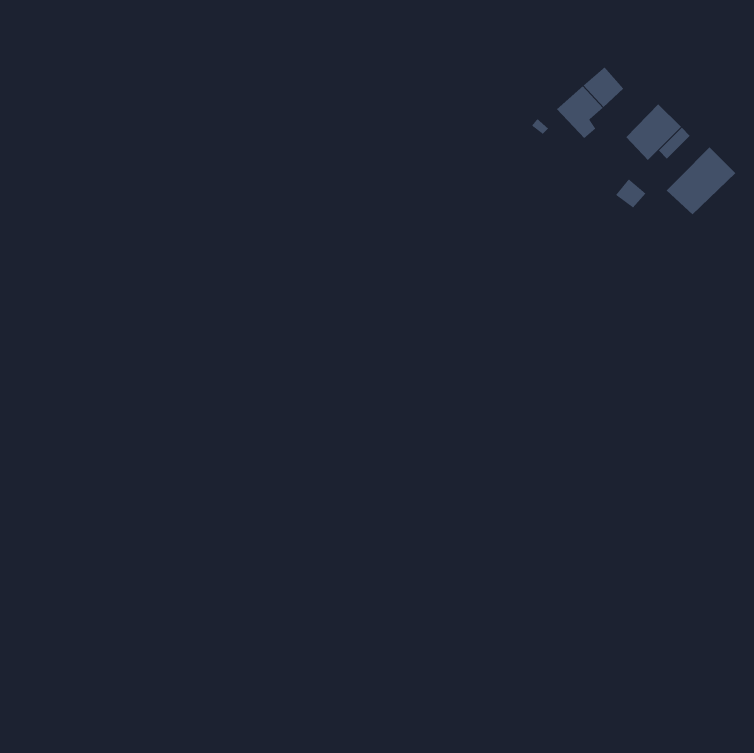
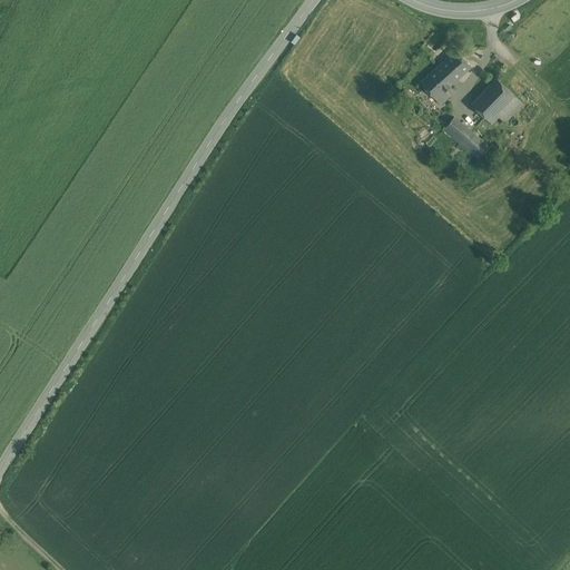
building: [666,147,736,215] -> none
building: none -> [443,118,474,148]

